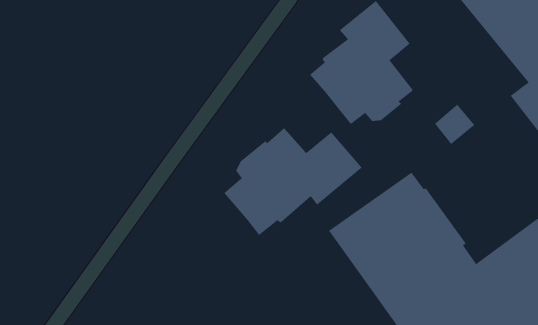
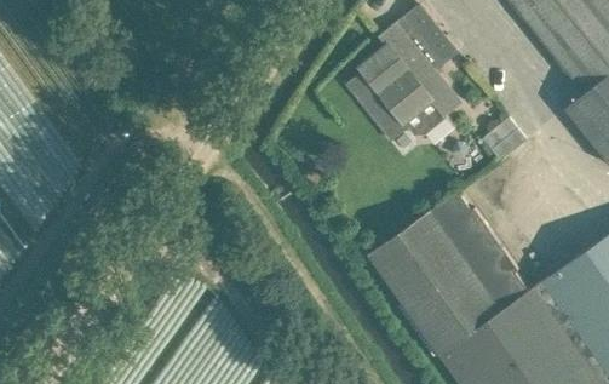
building: [224,128,363,236] -> none

